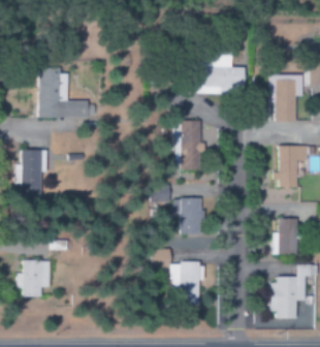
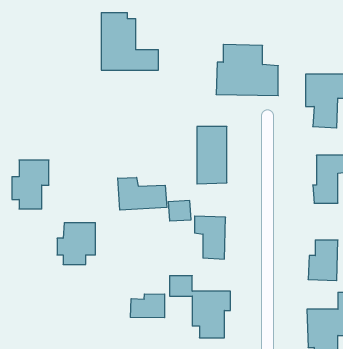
building: [38,68,88,118] -> [101,13,158,70]
building: none -> [118,177,167,210]
building: [18,260,51,296] -> [57,223,95,264]
building: none -> [130,294,164,318]

